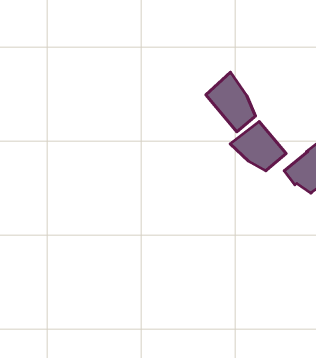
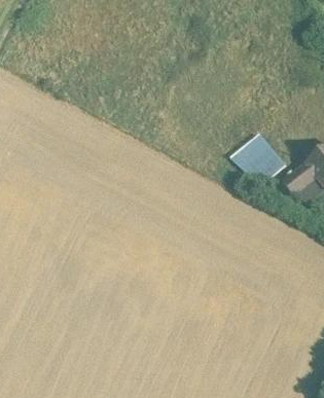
building: [206,72,255,132] -> none

